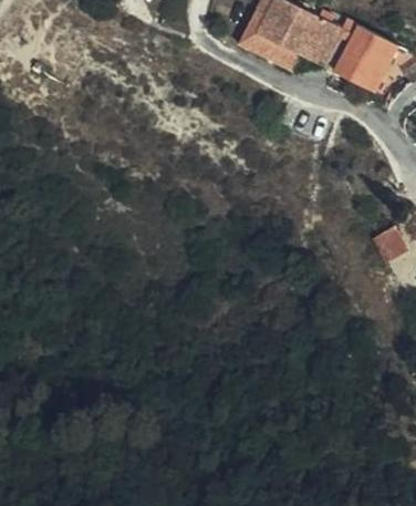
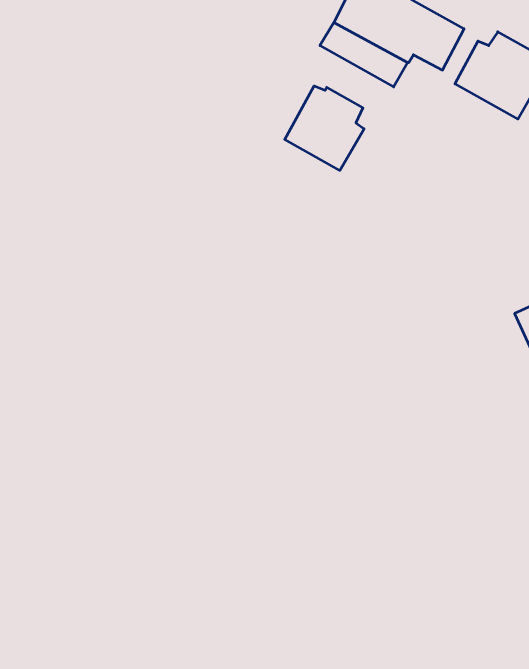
building: none -> [285,86,364,170]

